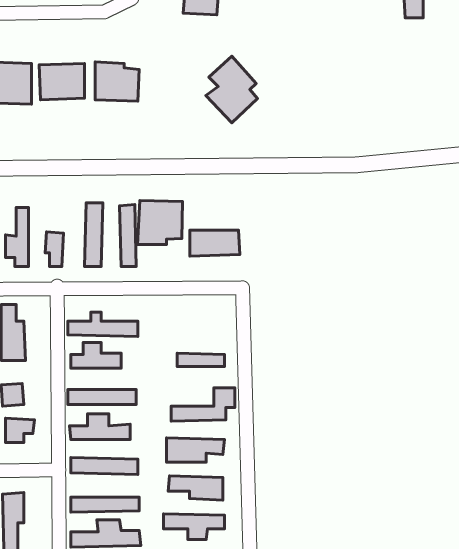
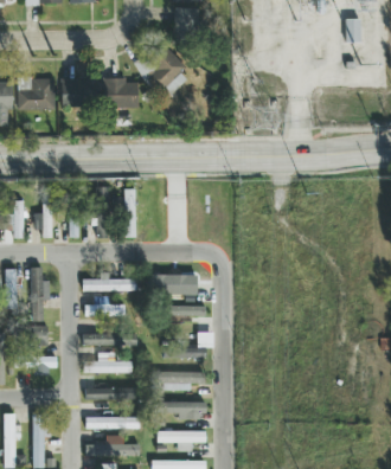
building: [206,56,258,123] -> [147,46,187,98]
building: [137,201,182,245] -> none
building: [190,230,240,256] -> [156,277,196,297]

